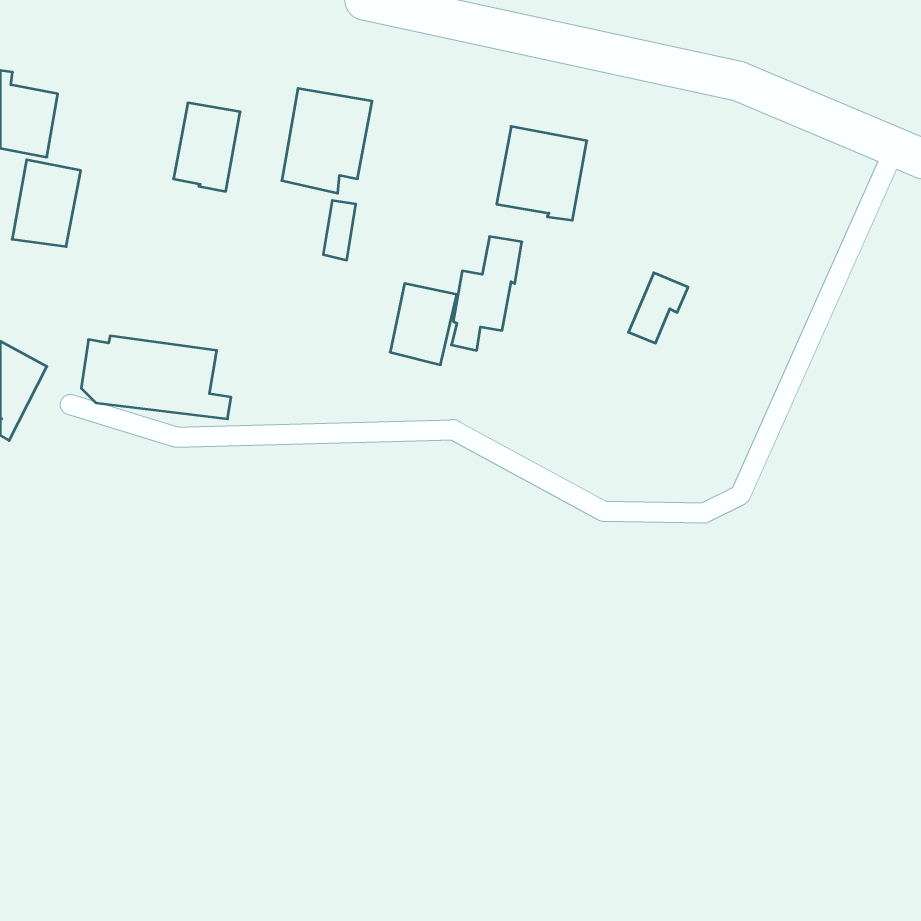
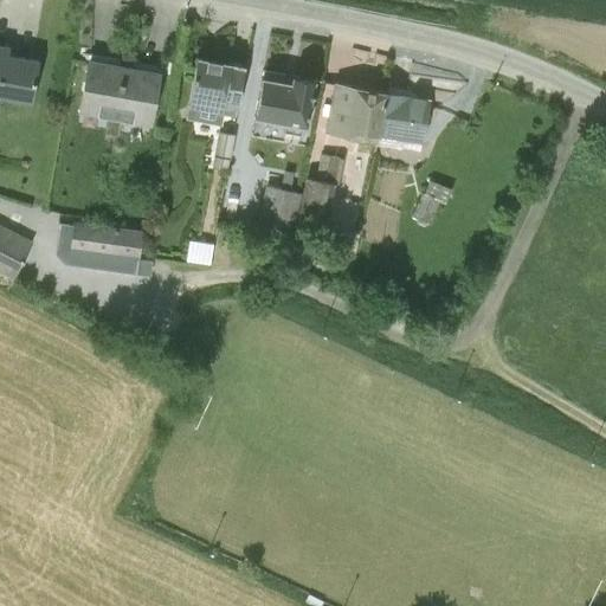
building: none -> [254,77,315,129]
building: none -> [376,86,428,150]
building: [12,160,81,247] -> [79,62,124,118]

